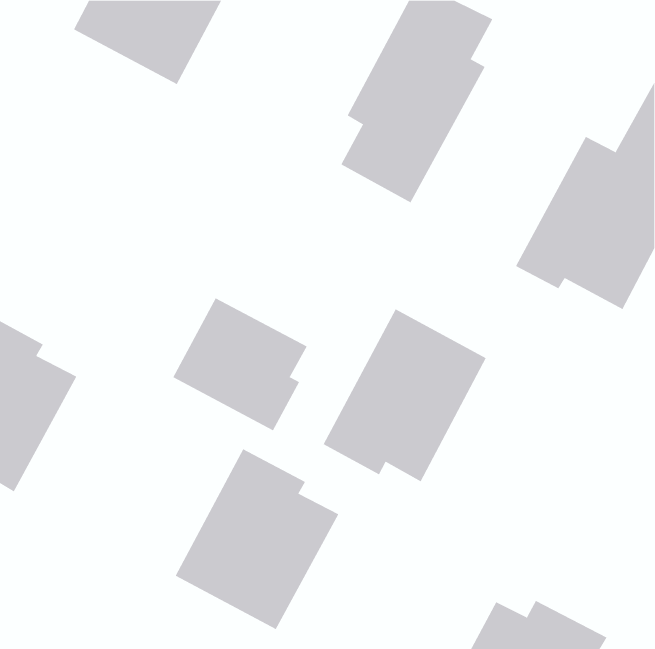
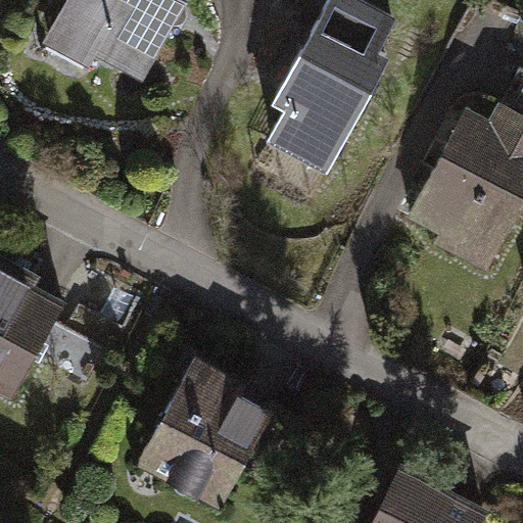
building: [172,297,308,431] -> none
building: [323,309,487,482] -> none

